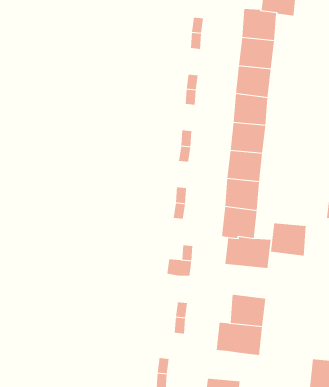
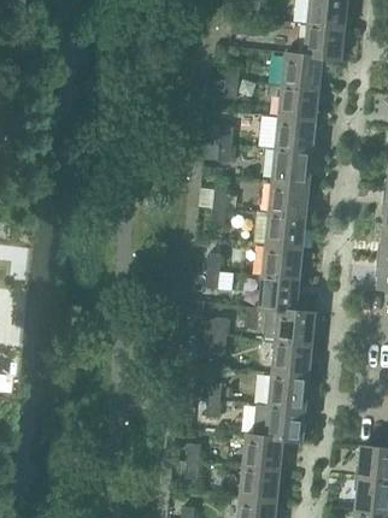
building: [270,223,307,256] -> [270,341,311,378]
building: none -> [242,435,282,471]

